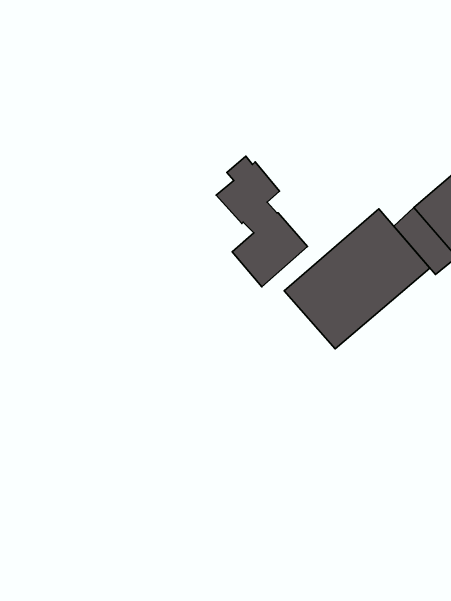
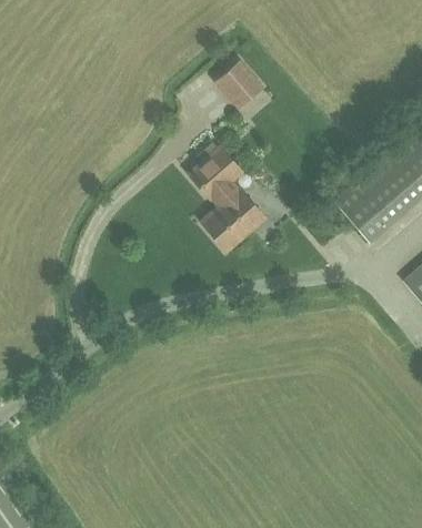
building: none -> [218,63,261,108]
building: [284,209,430,349] -> none

